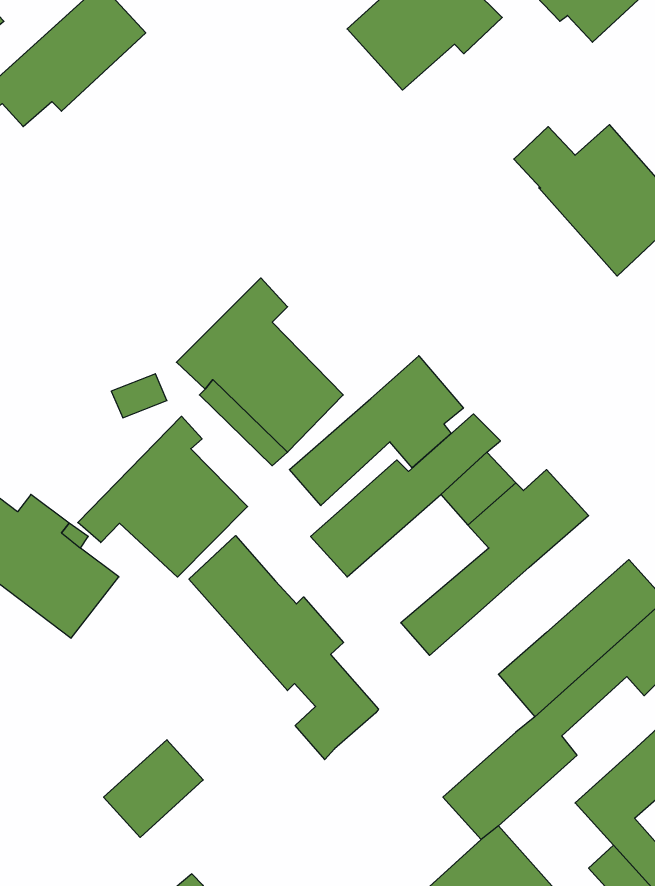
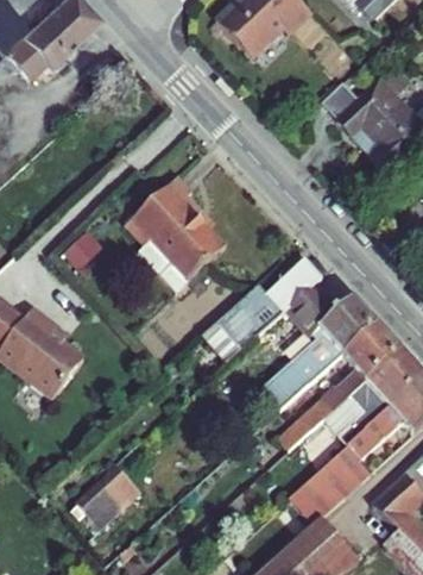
building: [289,356,463,506] -> none
building: [78,416,248,577] -> none
building: none -> [276,321,402,450]
building: [189,536,378,760] -> none

